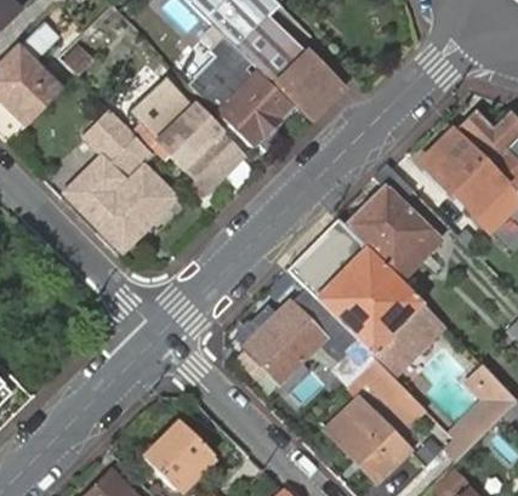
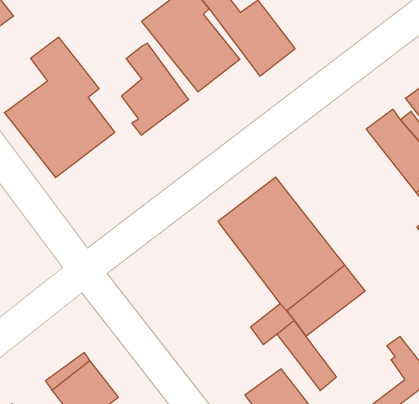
building: [131,76,195,158] -> none
building: [351,164,439,275] -> none
building: [243,302,324,383] -> none

